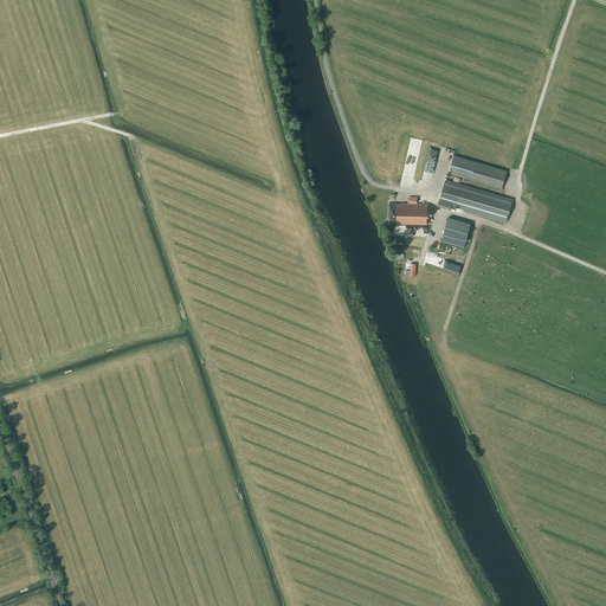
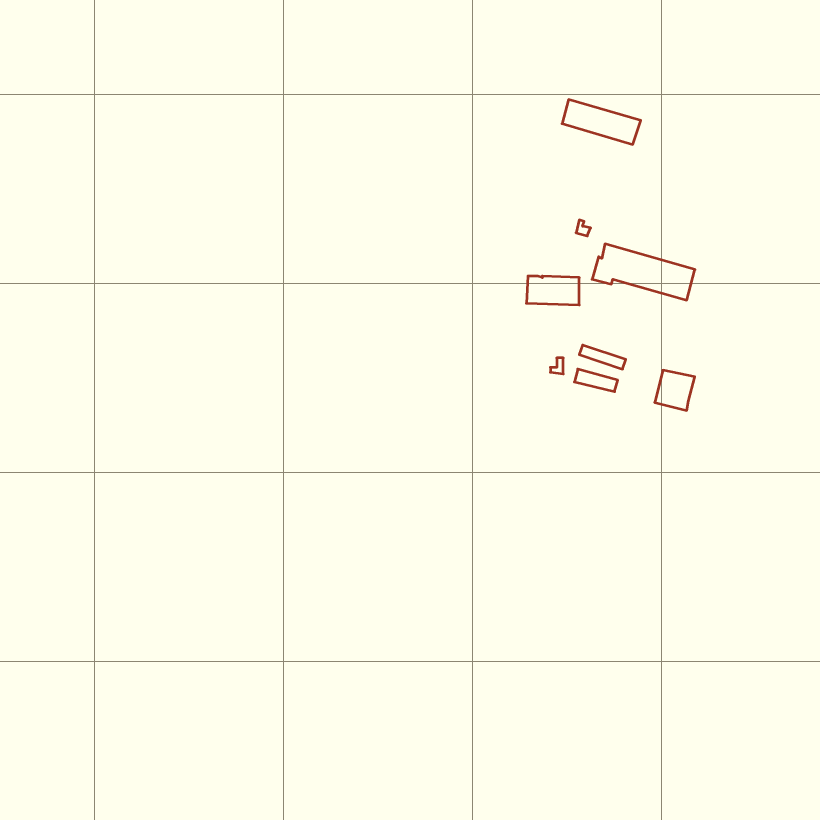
building: [449,155,507,188] -> [562,100,641,144]
building: [443,218,472,247] -> [655,370,695,410]

